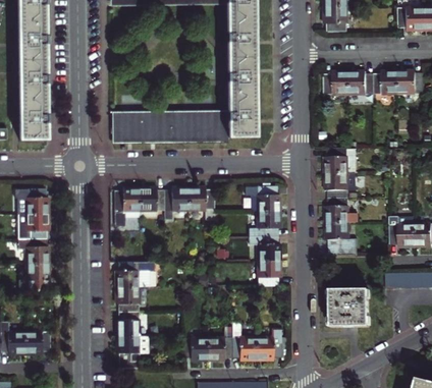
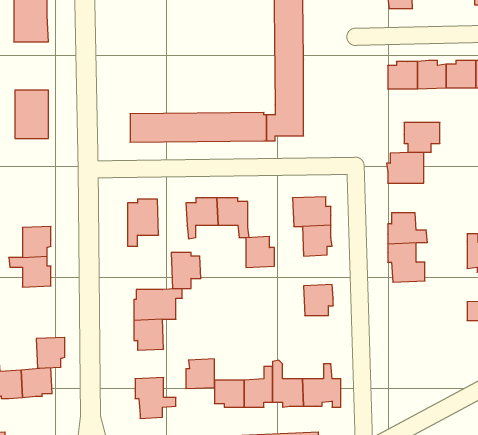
building: [17,58,46,98] -> none
building: [111,110,232,141] -> none
building: [325,174,355,199] -> [404,122,440,152]
building: [14,185,48,211] -> none
building: [136,187,160,217] -> [171,252,201,288]
building: [256,233,279,259] -> [246,236,274,267]
building: [24,259,48,284] -> [36,337,65,368]
building: [332,289,371,327] -> none
building: [117,311,141,335] -> [186,359,214,389]

